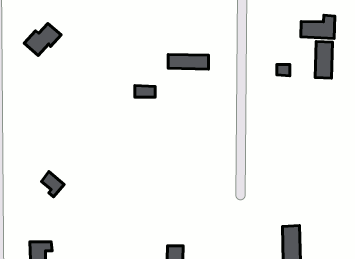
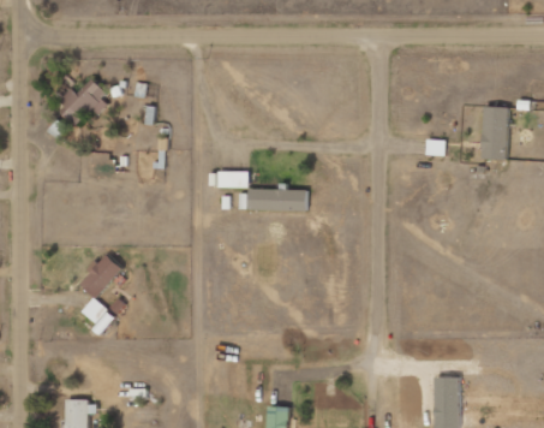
building: [301,15,335,39] -> none
building: [168,54,208,69] -> [249,189,307,210]
building: none -> [79,254,122,298]

